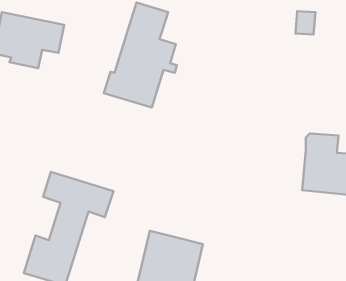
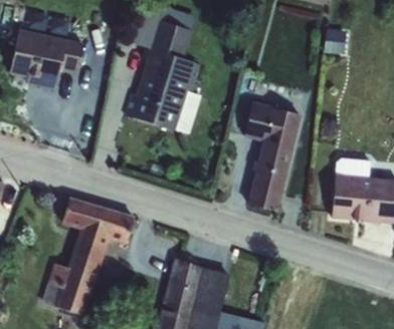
building: none -> [244,102,302,212]

